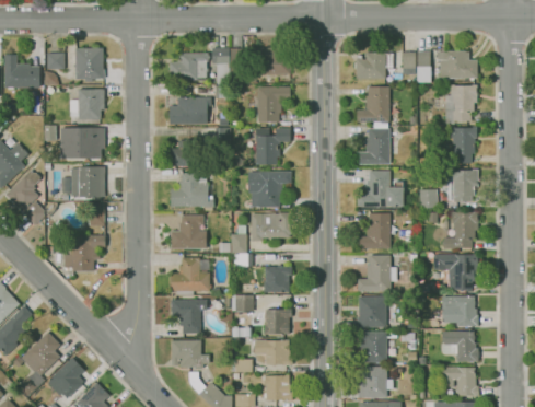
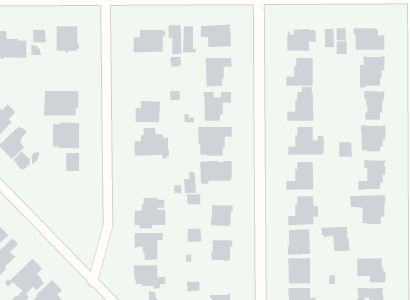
building: [70,89,105,119] -> none
building: [170,96,211,124] -> none
building: [171,214,207,249] -> none
building: [61,234,105,270] -> none
building: [442,295,478,326] -> [321,227,350,252]
building: [254,339,292,364] -> none

